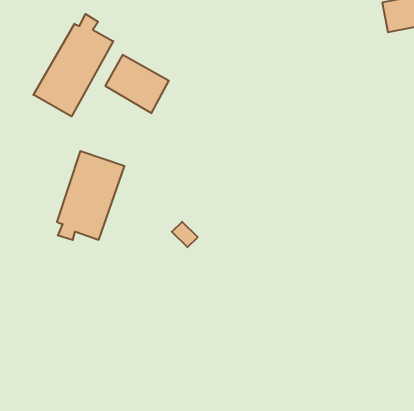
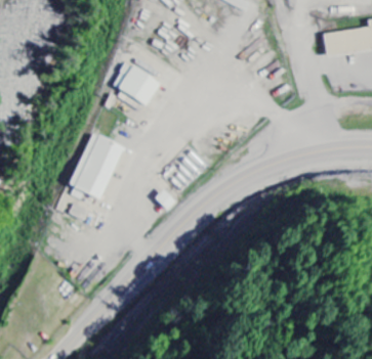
building: [33,14,113,116] -> none

